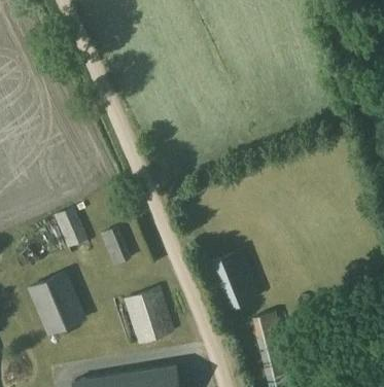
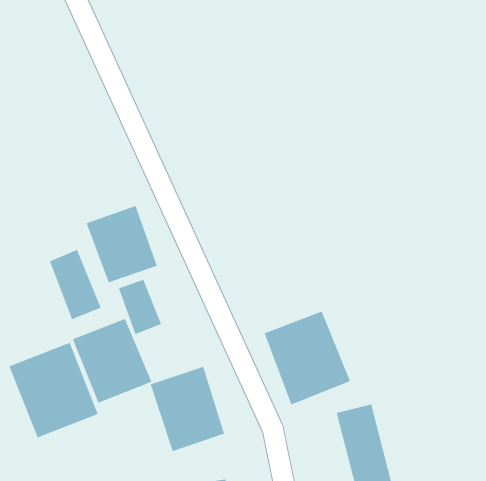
building: none -> [86,205,157,283]
building: none -> [72,318,152,404]

